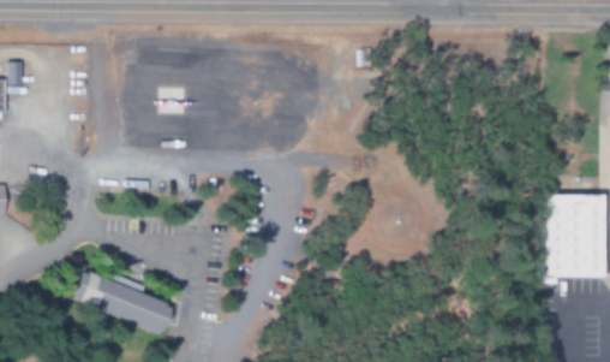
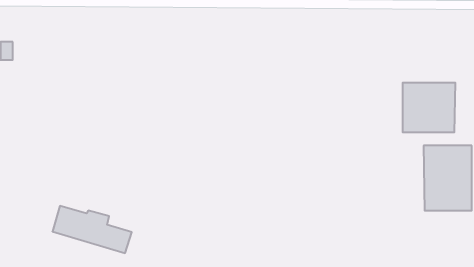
building: none -> [403,83,455,132]

